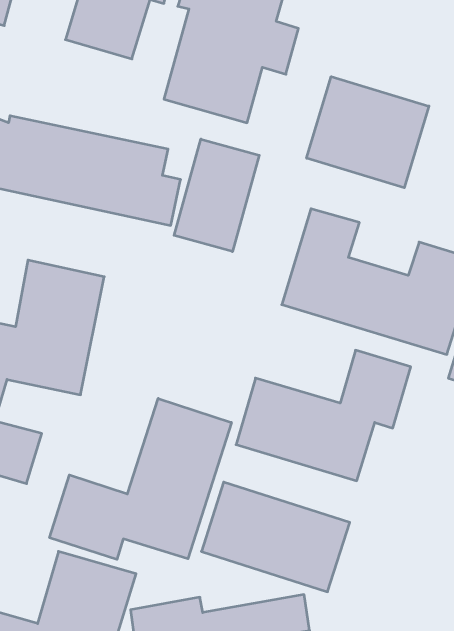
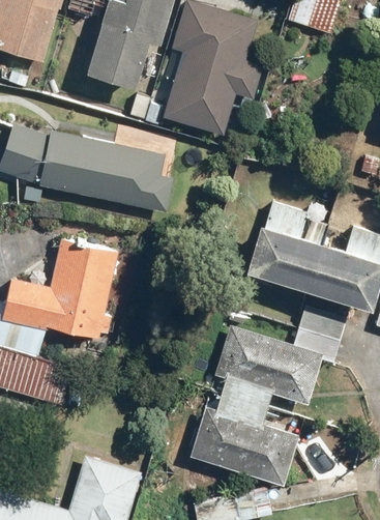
building: [307,77,429,188] -> none
building: [174,139,259,252] -> none
building: [50,398,231,559] -> none

